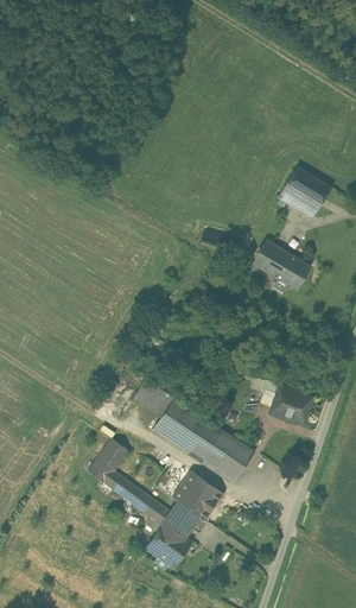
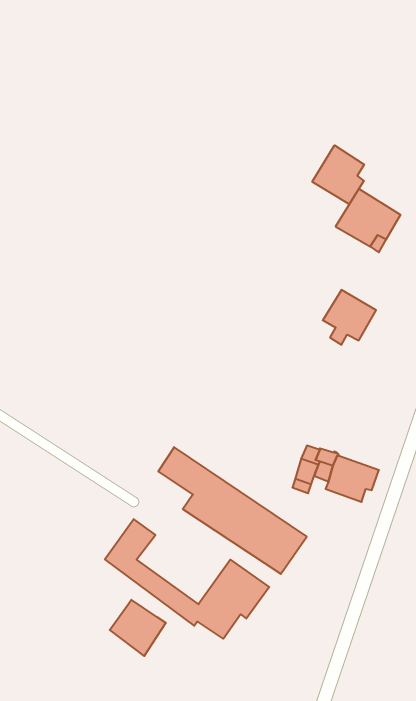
building: none -> [312,145,364,204]
building: [252,240,282,274] -> none
building: [146,522,192,569] -> [110,600,166,656]

